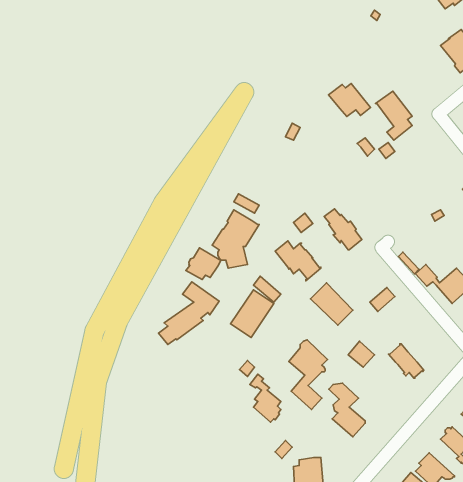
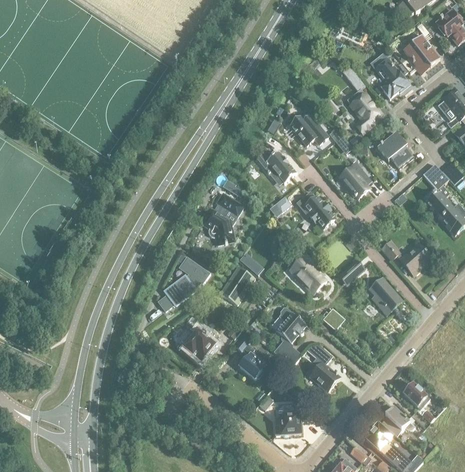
building: none -> [378,59,408,99]
building: [328,83,371,117] -> [290,116,327,145]
building: none -> [376,132,412,169]
building: none -> [340,162,371,199]
building: [275,241,321,281] -> [256,149,296,184]
building: [186,248,221,280] -> none
building: [389,344,424,378] -> [370,279,401,309]
building: none -> [181,329,214,358]

